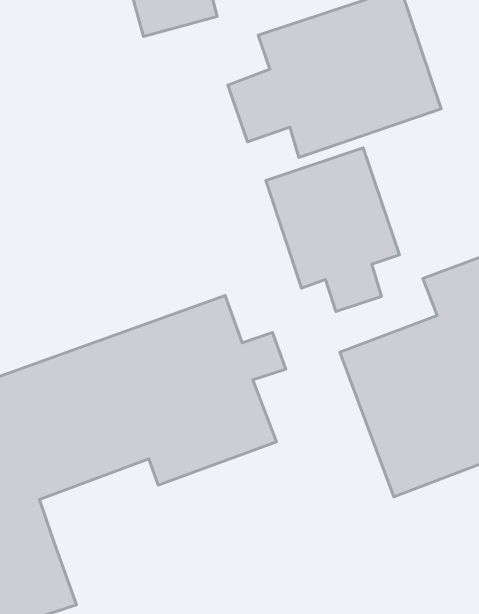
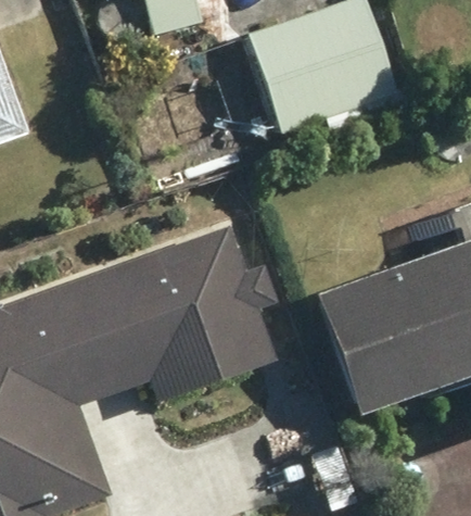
building: [266,148,400,311] -> none

